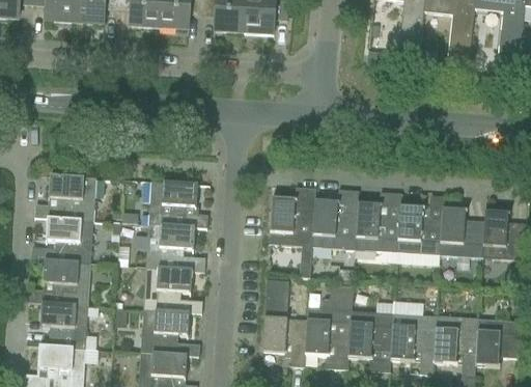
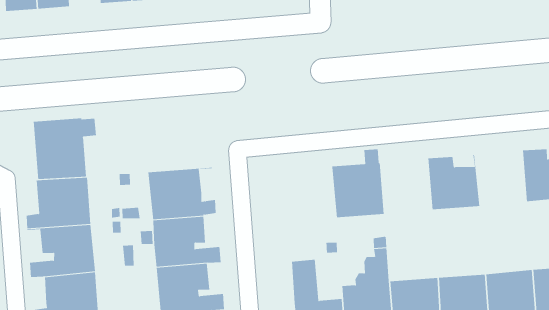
building: none -> [33,118,99,180]
building: [269,186,315,247] -> none
building: [356,203,401,252] -> none
building: [442,209,486,257] -> none

